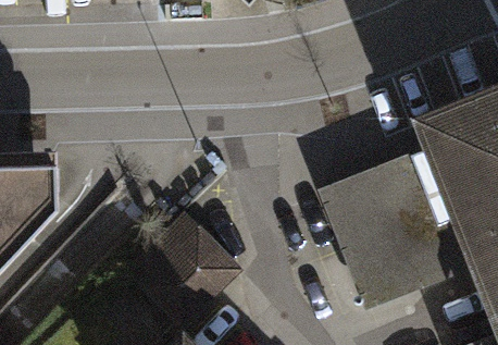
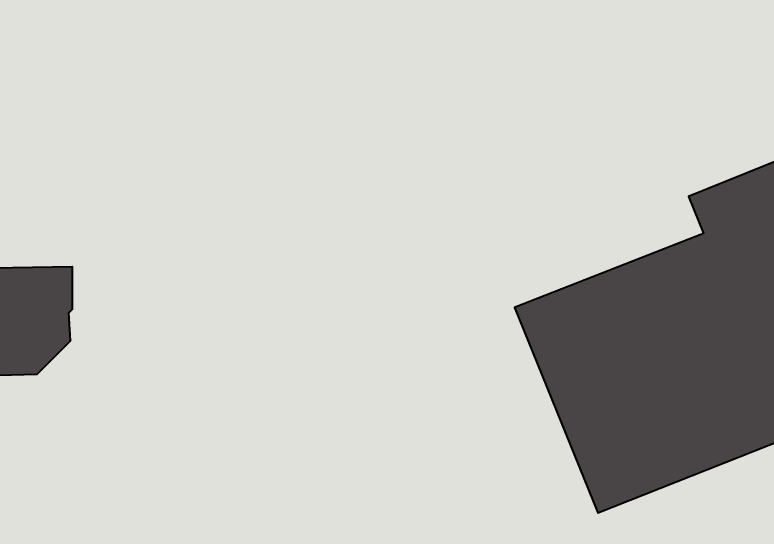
building: [139,225,231,317] -> none

